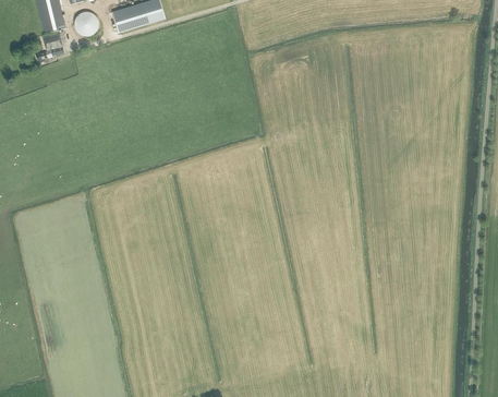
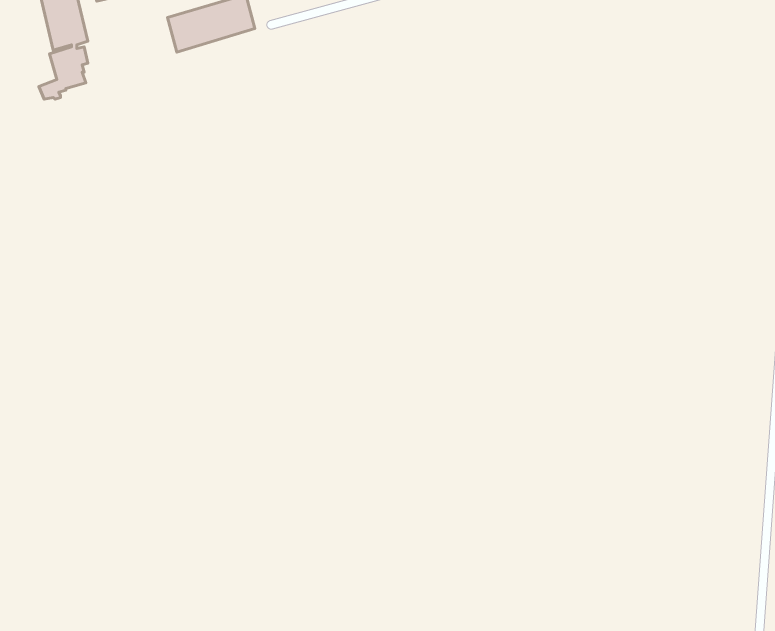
building: [73,10,98,34] -> none

